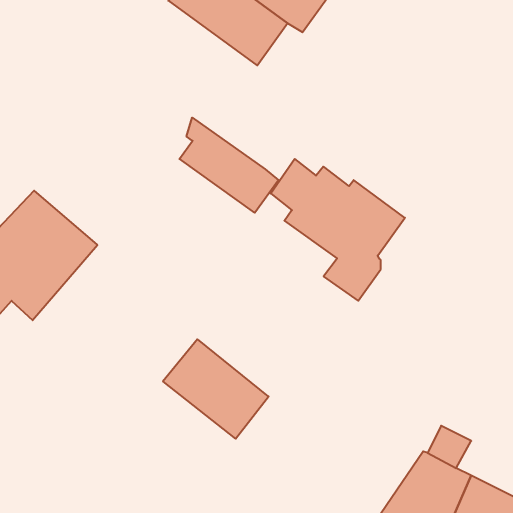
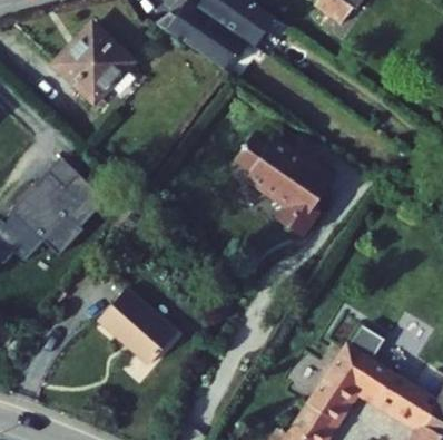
building: none -> [50,25,121,96]
building: [179,118,278,213] -> none
building: [163,339,269,439] -> [98,296,176,370]

